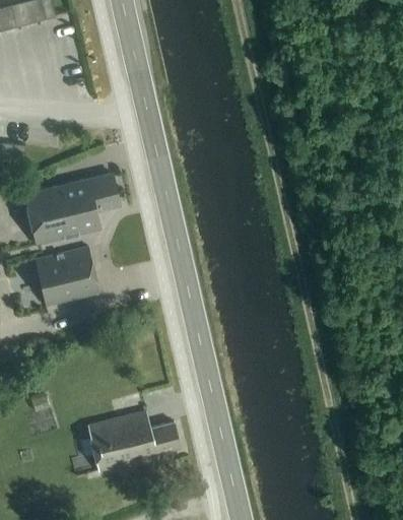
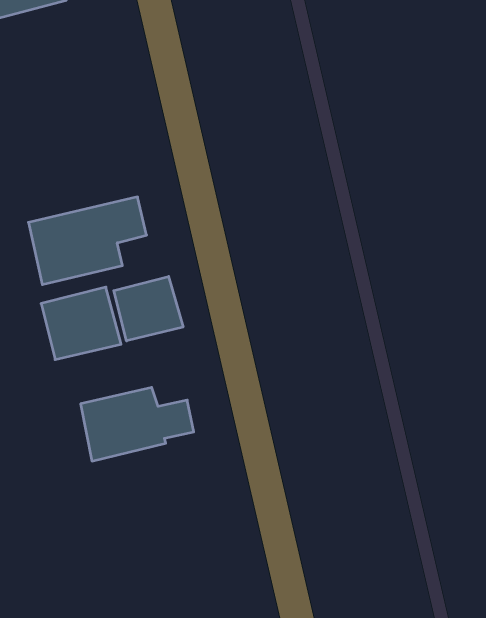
building: none -> [114,276,183,341]
building: [87,410,178,469] -> [81,387,194,461]

